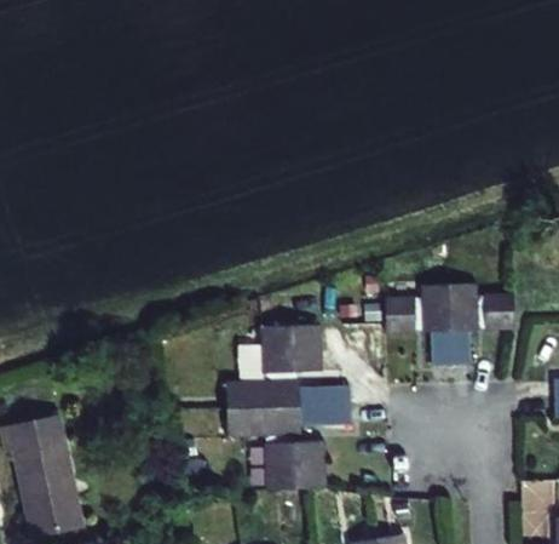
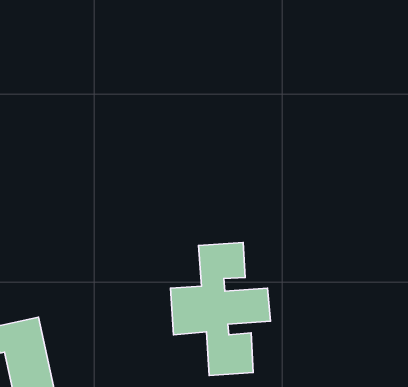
building: [385,280,513,363] -> none

